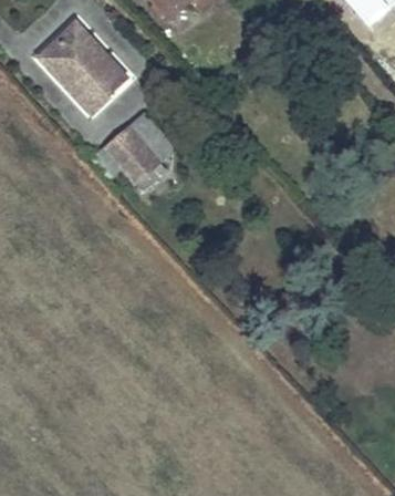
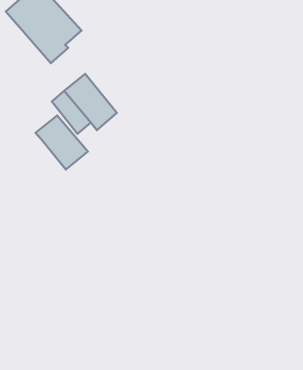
building: none -> [35,116,88,170]

